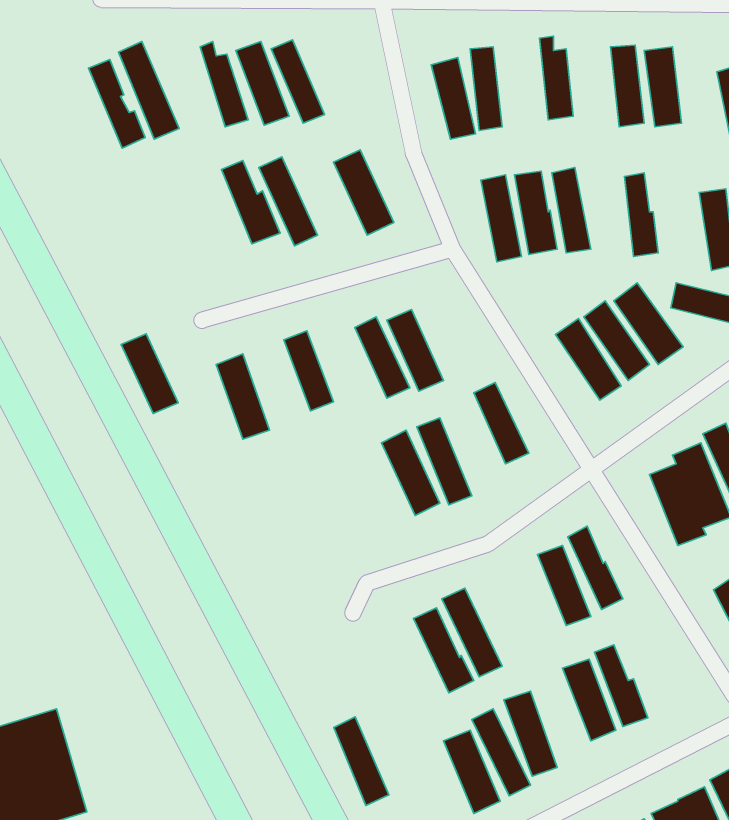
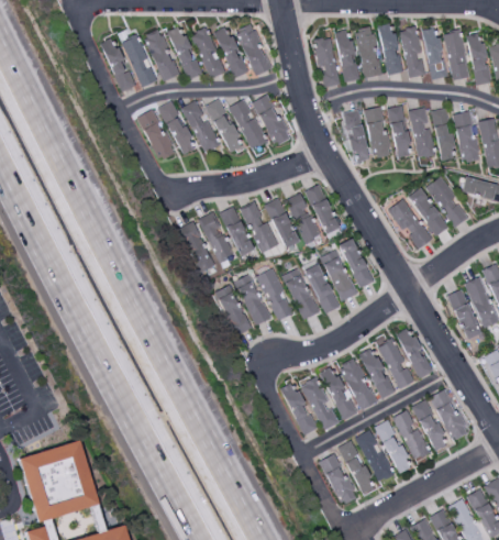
building: none -> [236,23,270,75]
building: none -> [356,26,380,77]
building: none -> [400,26,424,77]
building: none -> [145,29,179,81]
building: none -> [467,33,491,85]
building: none -> [231,98,266,148]
building: none -> [160,99,196,155]
building: none -> [410,108,434,157]
building: none -> [138,109,174,161]
building: none -> [453,111,480,162]
building: none -> [306,183,341,234]
building: none -> [243,201,279,252]
building: [121,334,178,414] -> [199,211,234,261]
building: none -> [322,250,356,300]
building: none -> [258,268,293,320]
building: none -> [236,273,270,324]
building: none -> [214,284,252,335]
building: none -> [359,346,396,398]
building: none -> [341,359,376,409]
building: none -> [433,388,466,441]
building: none -> [376,420,412,474]
building: [334,717,389,806] -> [282,381,317,436]

